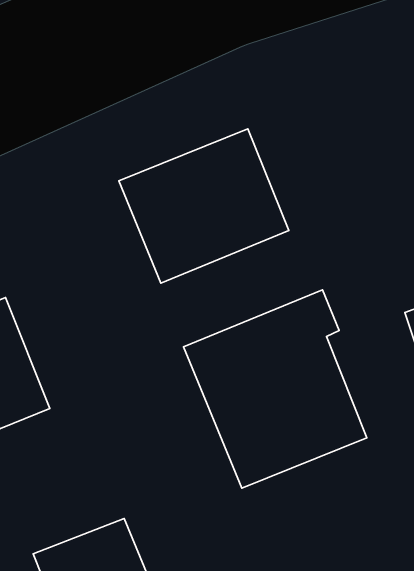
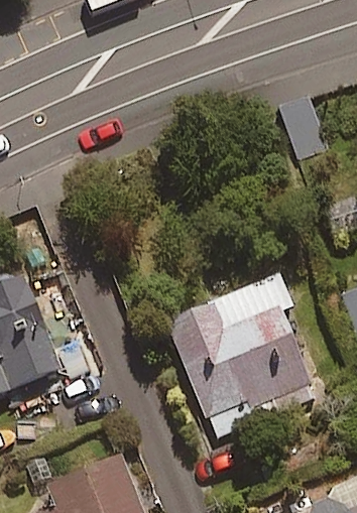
building: [119,129,289,283] -> none

